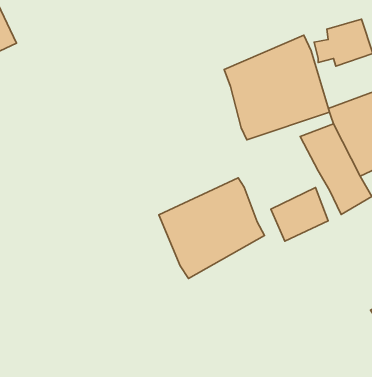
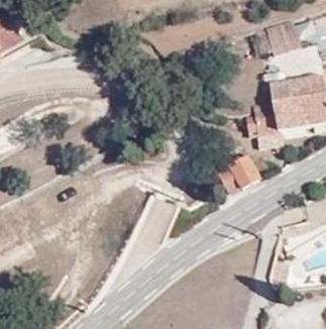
building: [224,35,329,140] -> none
building: [159,178,265,279] -> none

